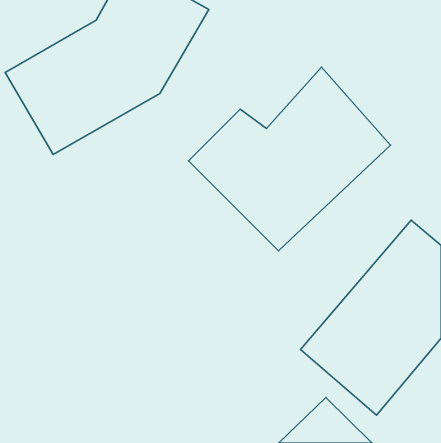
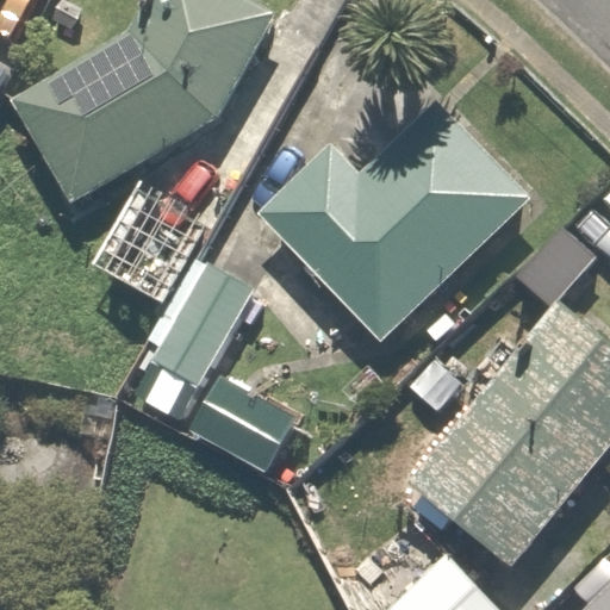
building: none -> [86,192,298,477]

